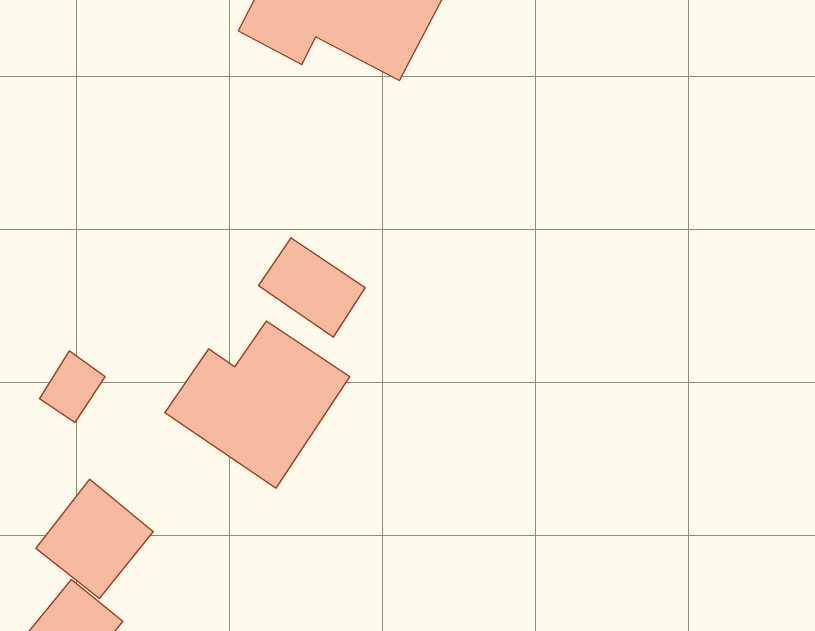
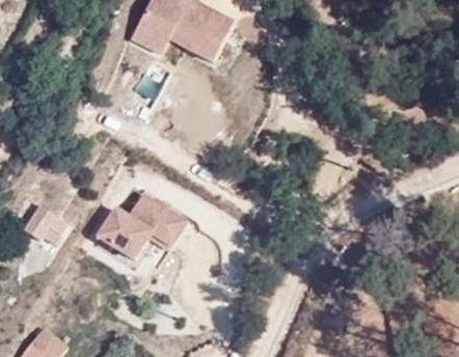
building: [259,238,365,337] -> none
building: [36,479,153,599] -> none

